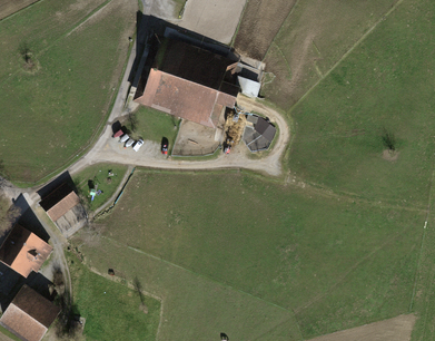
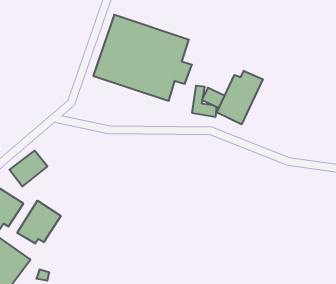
building: none -> [217,71,263,124]
building: none -> [17,201,61,244]

